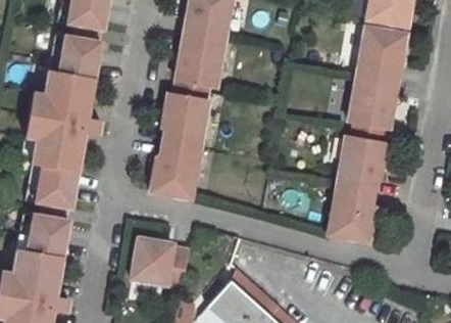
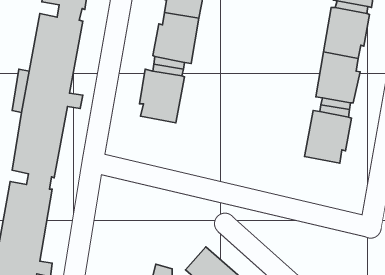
building: [150,143,200,199] -> none
building: [329,186,375,242] -> none
building: [132,238,190,288] -> none

